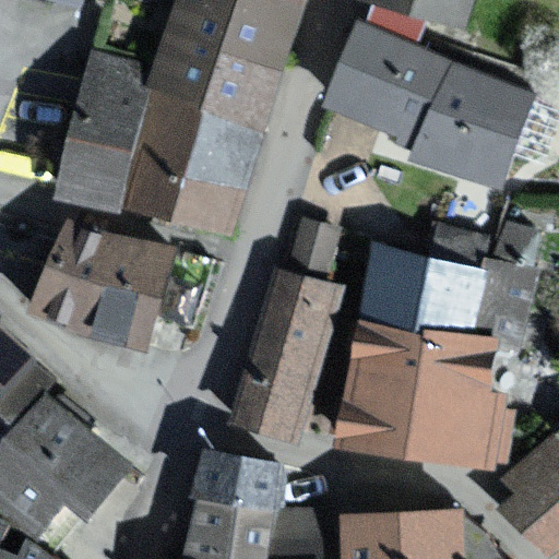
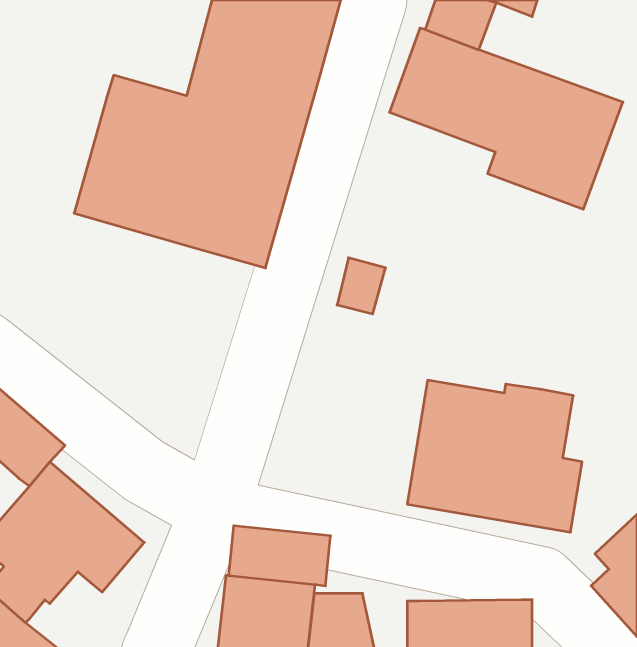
building: [41,224,167,340] -> none
building: [366,250,475,341] -> none
building: [233,271,331,433] -> none

